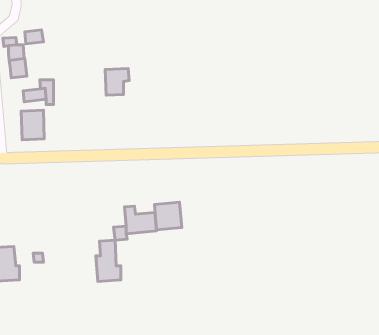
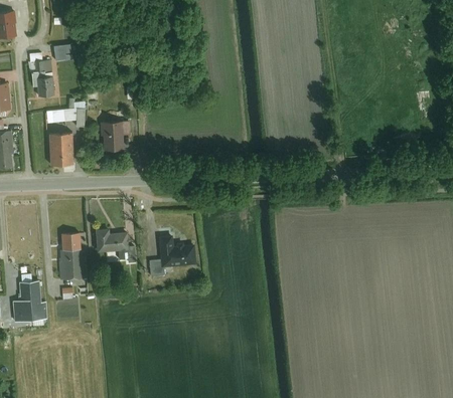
building: [105,69,129,95] -> [101,121,127,150]
building: none -> [94,229,123,251]
building: [154,202,182,230] -> none
building: [96,240,121,282] -> [59,234,87,279]

